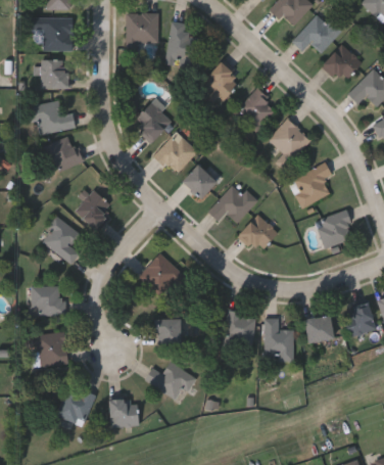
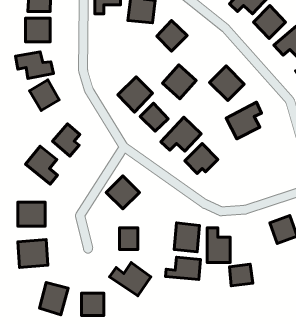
building: [236,90,278,132] -> [162,65,196,99]
building: [131,100,174,142] -> none
building: [317,212,355,248] -> none
building: [304,316,333,342] -> [230,264,253,286]
building: none -> [165,257,201,280]

